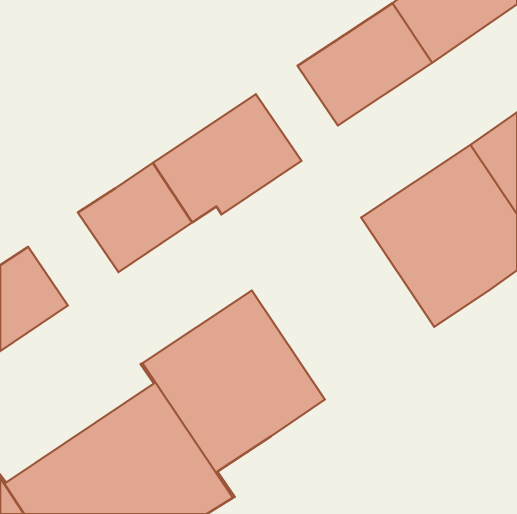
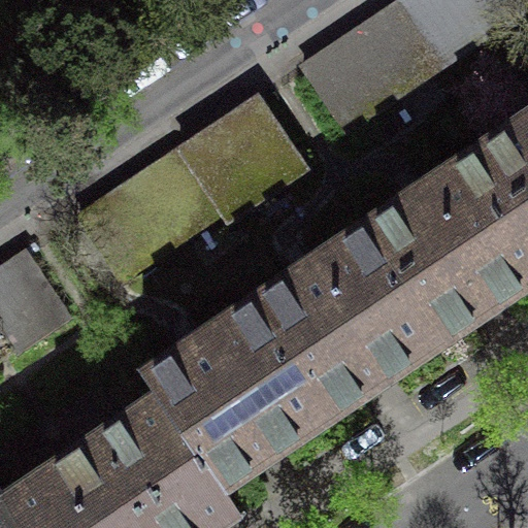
building: none -> [257,222,442,407]

